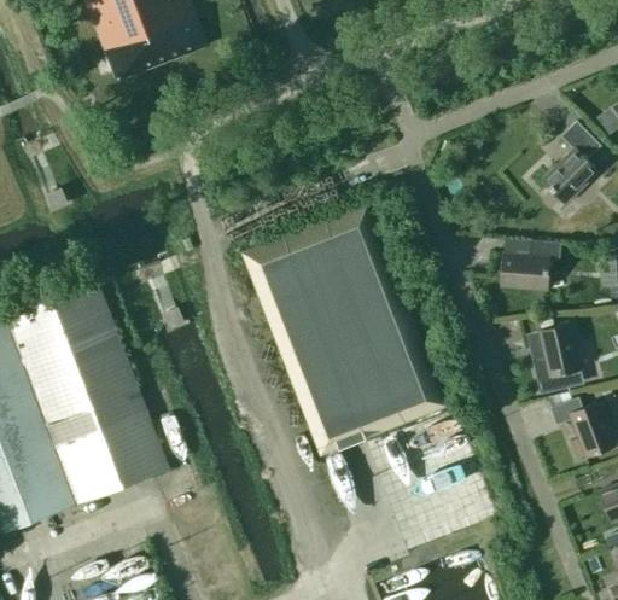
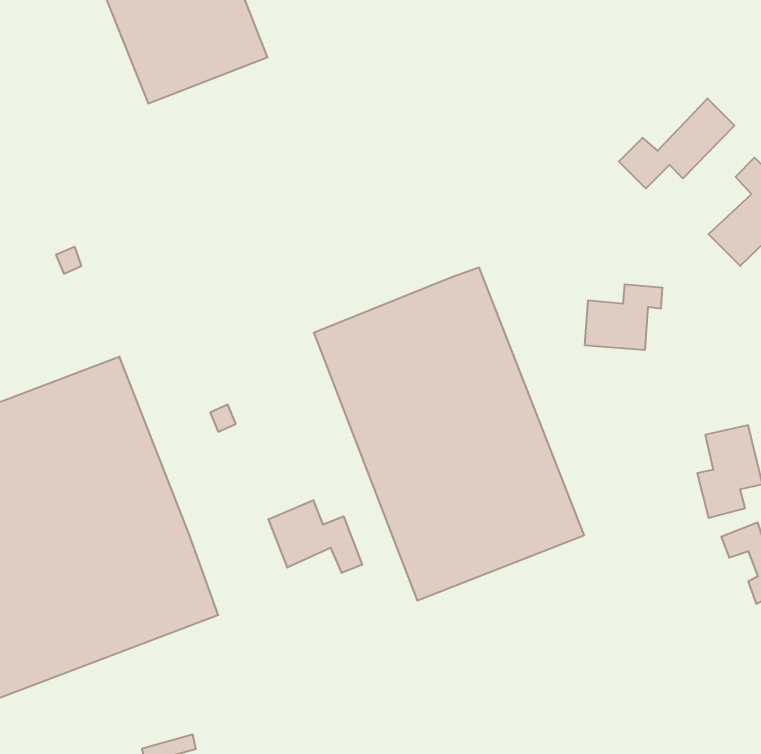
building: none -> [619,98,734,188]
building: [501,240,560,290] -> [585,285,663,350]
building: none -> [268,500,362,573]

